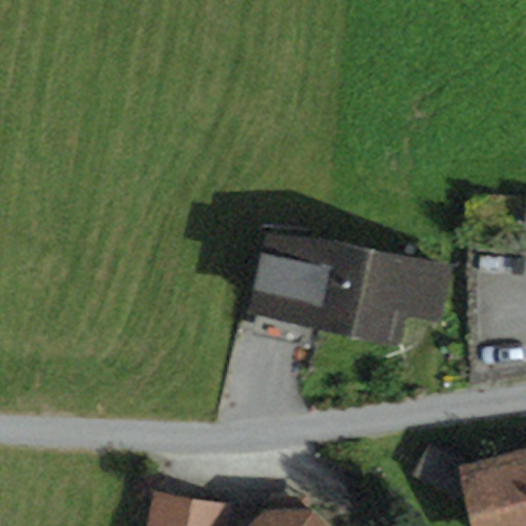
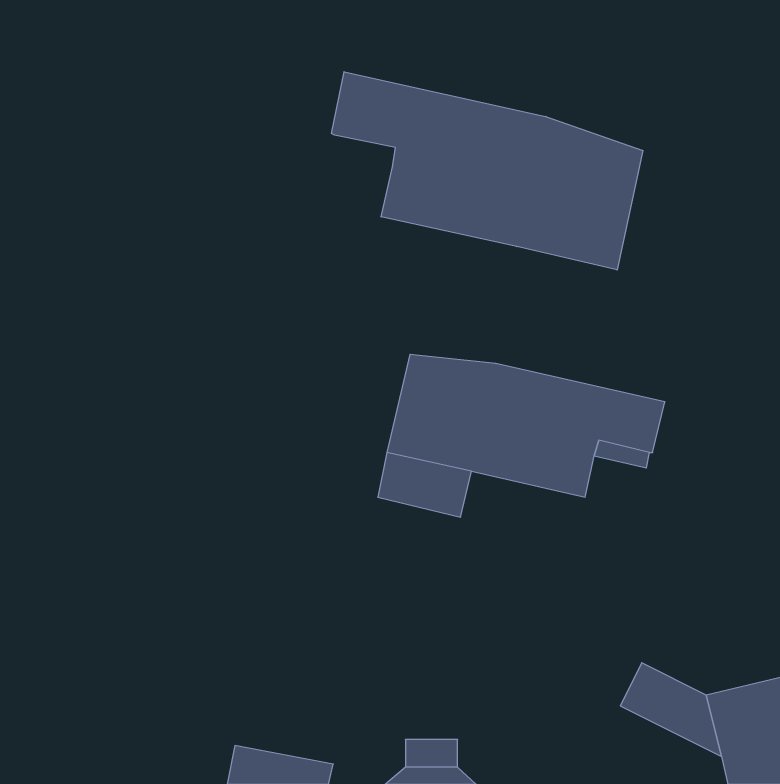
building: none -> [331,72,643,270]

